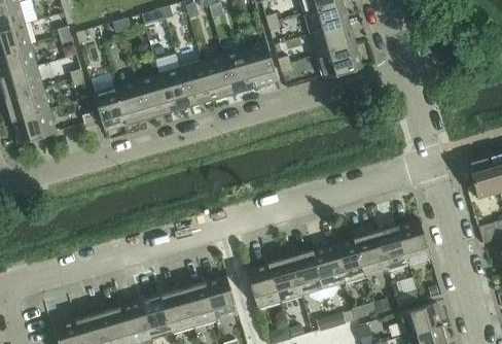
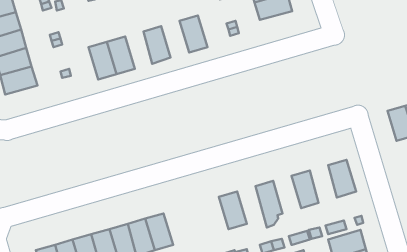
building: [244,42,277,87] -> none
building: [317,44,361,77] -> none
building: [201,56,234,99] -> none
building: [158,68,190,112] -> none
building: [94,87,127,131] -> none
building: [375,226,407,270] -> none
building: [332,238,365,282] -> none
building: [290,250,325,301] -> none
building: [246,263,280,307] -> none
building: [204,275,238,319] -> none

